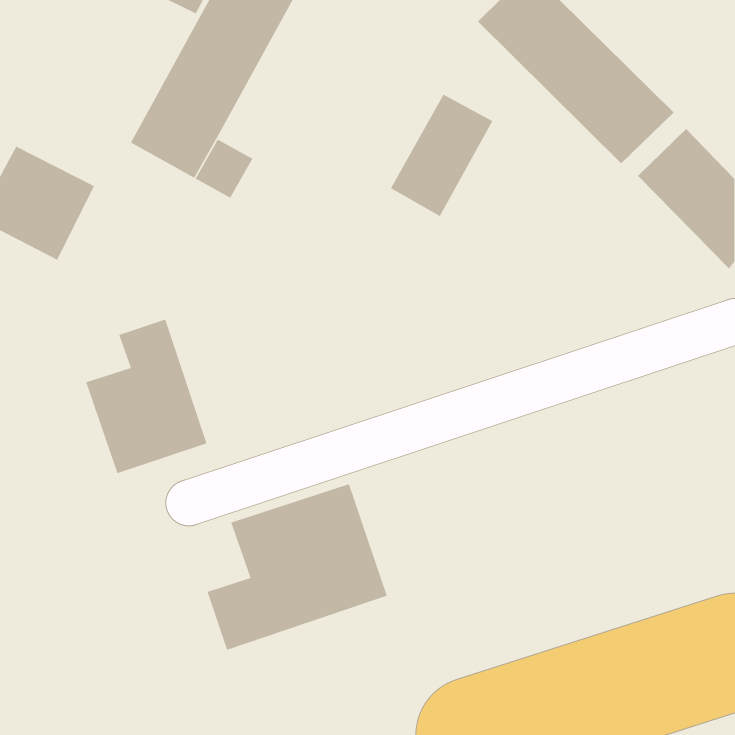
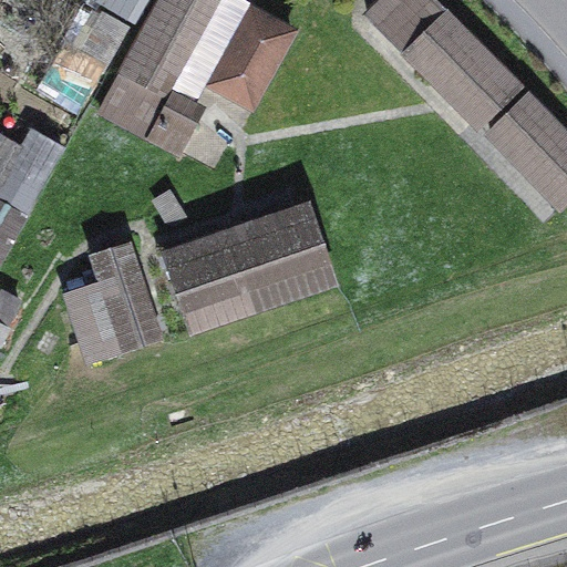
building: [390,93,494,217] -> [212,11,291,106]
building: none -> [166,206,332,331]
building: [207,483,388,651] -> none

